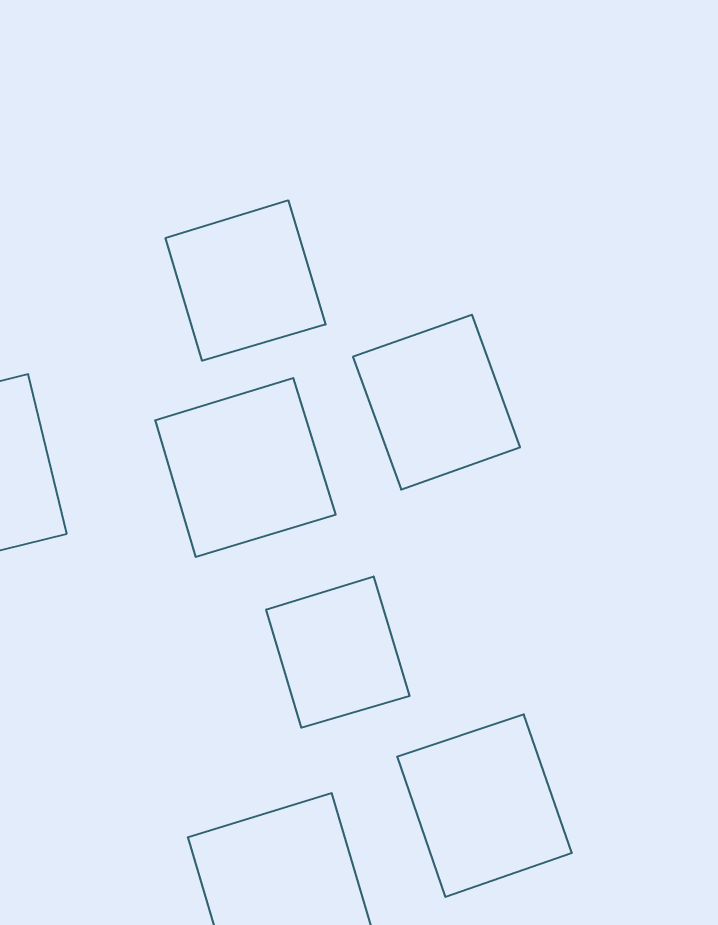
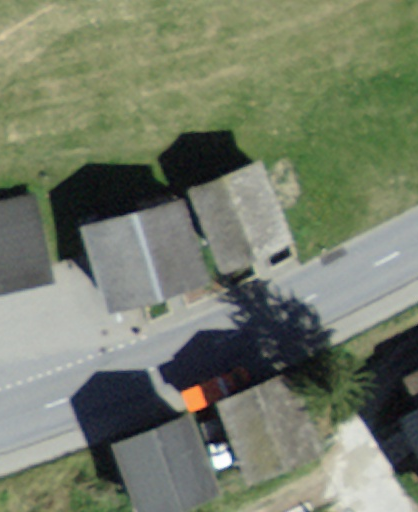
building: [166,200,326,361] -> none
building: [266,576,410,728] -> none

